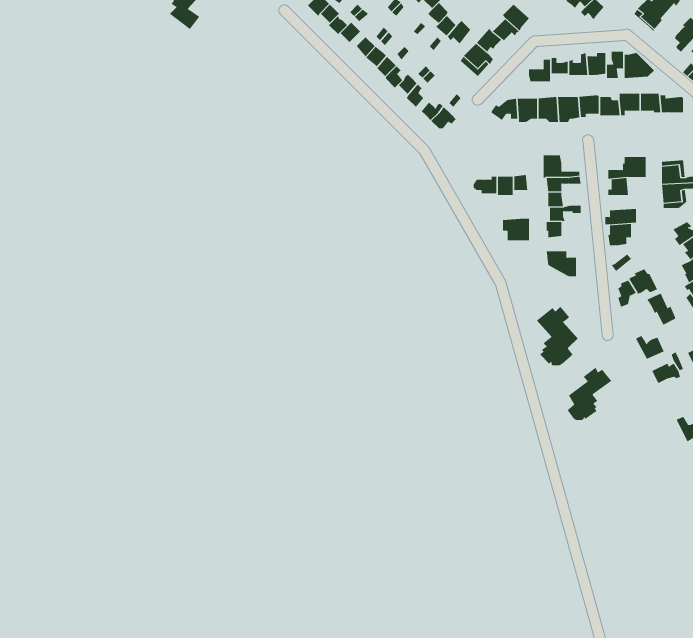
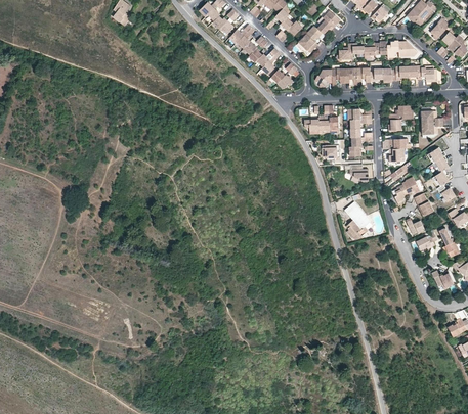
building: [567,367,612,421] -> none

